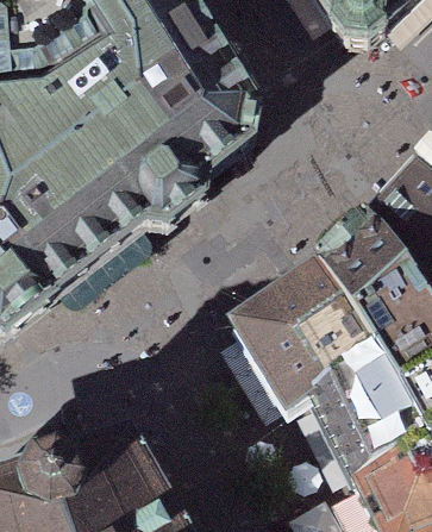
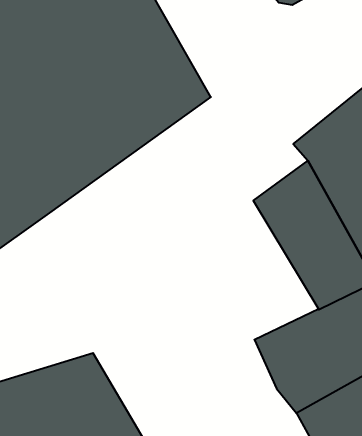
building: [208,256,367,414] -> none

